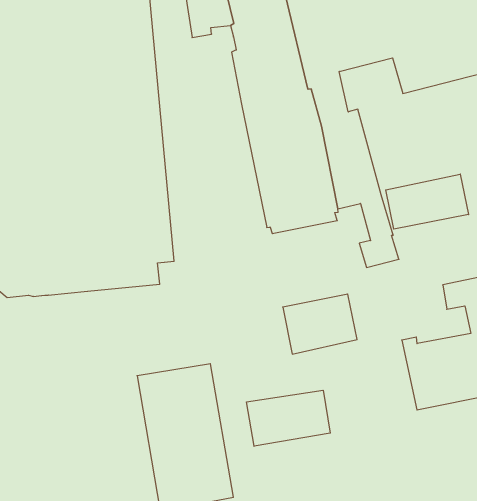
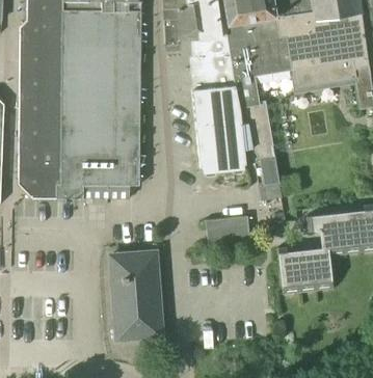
building: [386,174,469,229] -> none
building: [247,390,330,446] -> none

